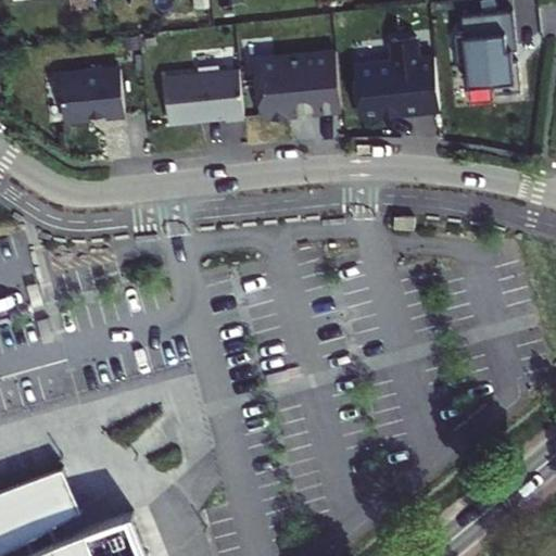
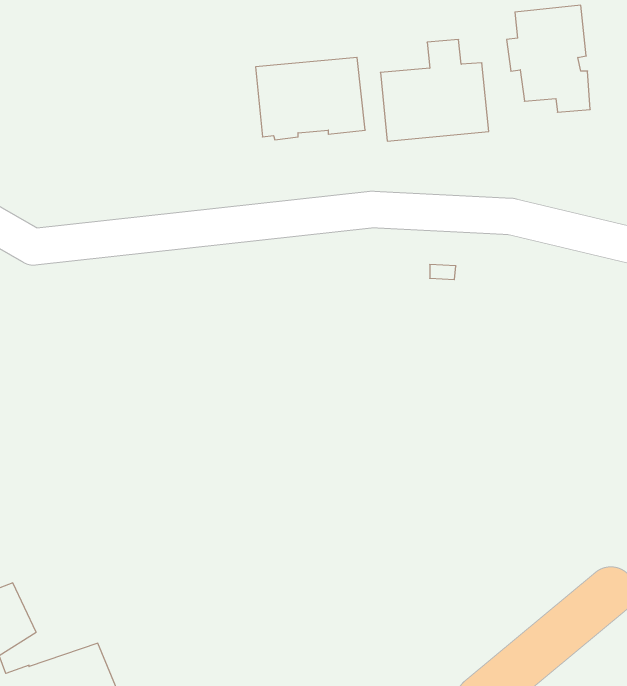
building: [55,68,121,122] -> none
building: [162,72,241,127] -> none

